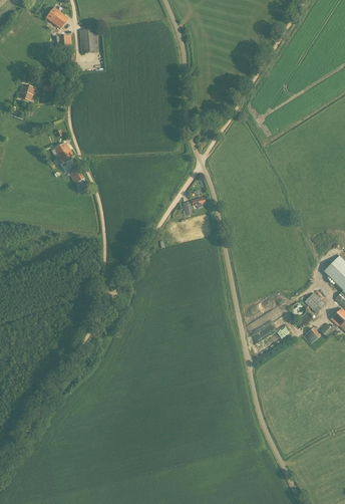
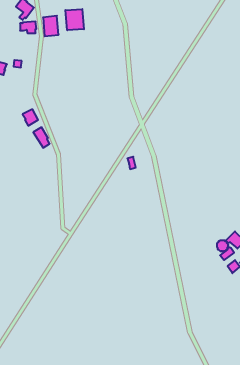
building: none -> [65,9,84,30]

